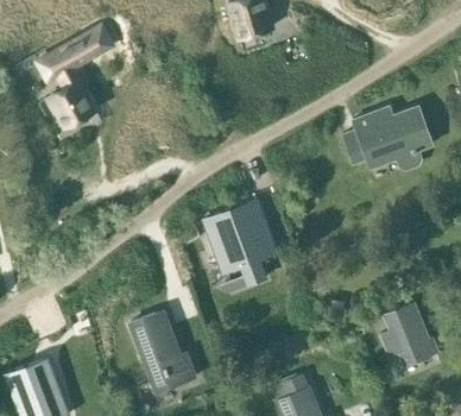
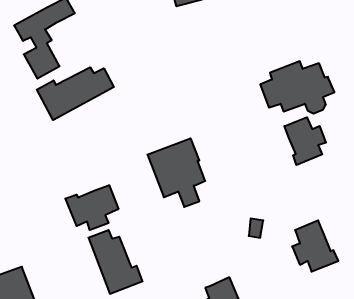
building: none -> [37,67,114,120]
building: none -> [284,117,326,165]
building: none -> [65,185,118,230]

